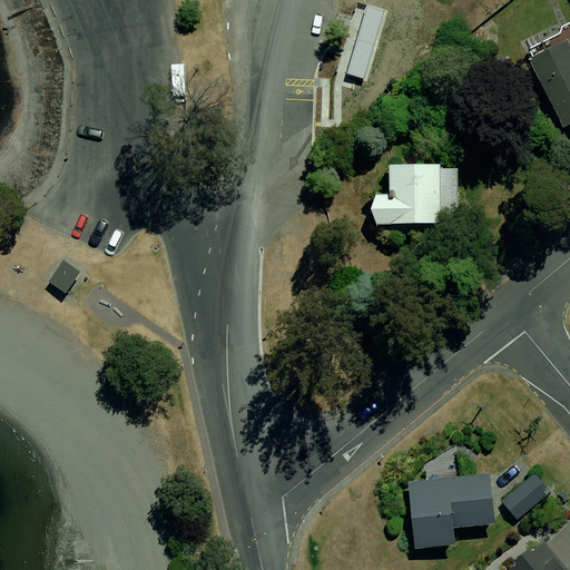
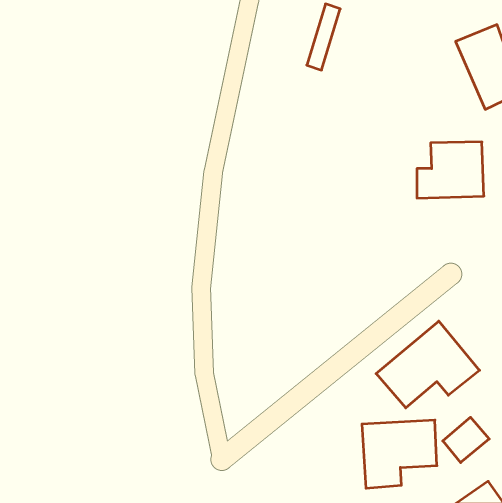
building: [372,156,448,219] -> [417,142,484,198]
building: none -> [376,321,480,408]

